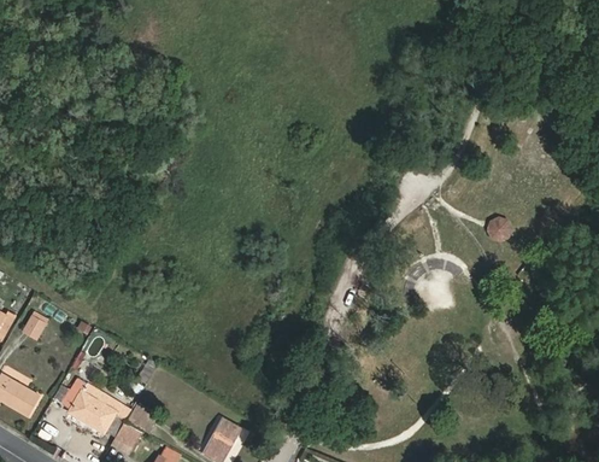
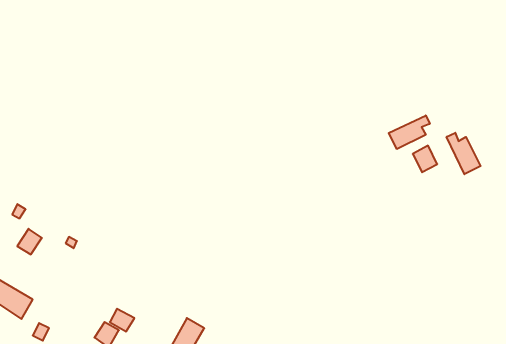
building: none -> [389,115,430,149]
building: none -> [447,133,481,174]
building: [59,376,118,434] -> none

